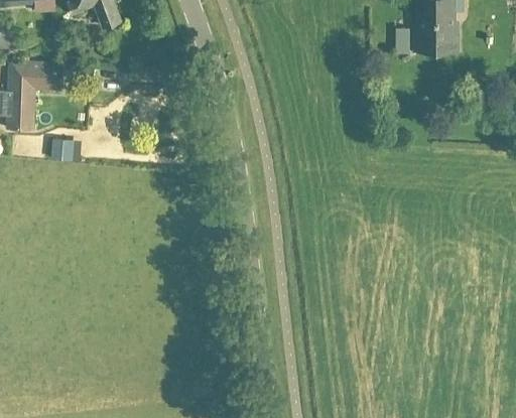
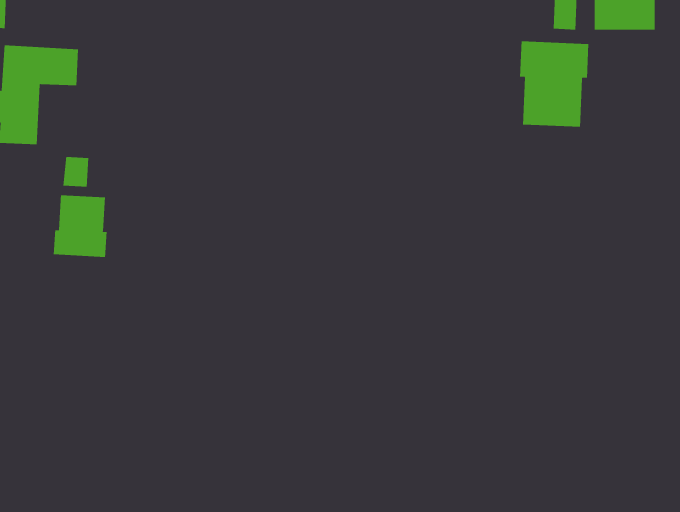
building: none -> [520,41,589,127]
building: none -> [53,194,107,258]

